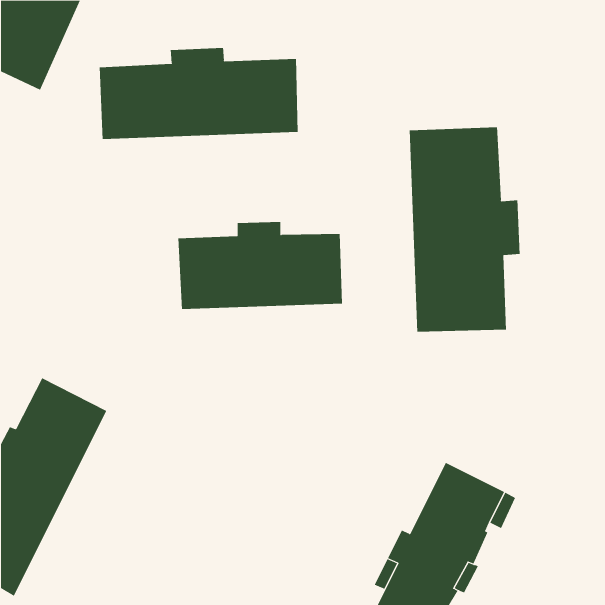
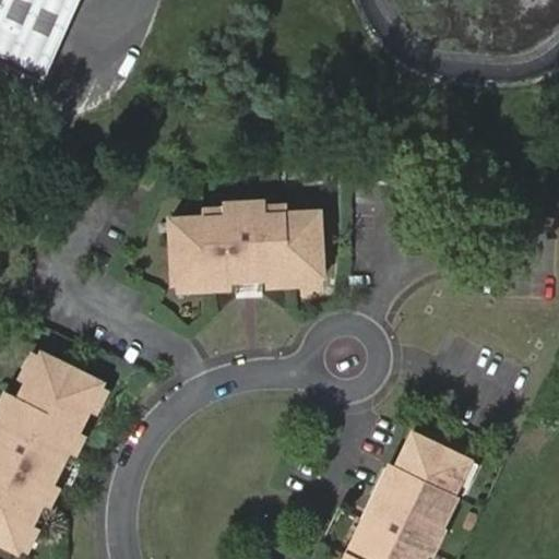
building: [99,47,298,140] -> none
building: [409,126,520,332] -> none

